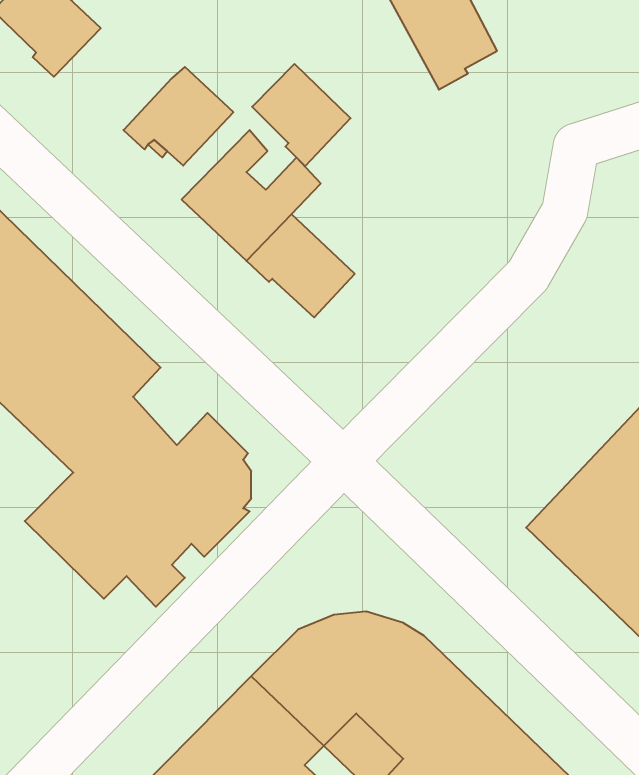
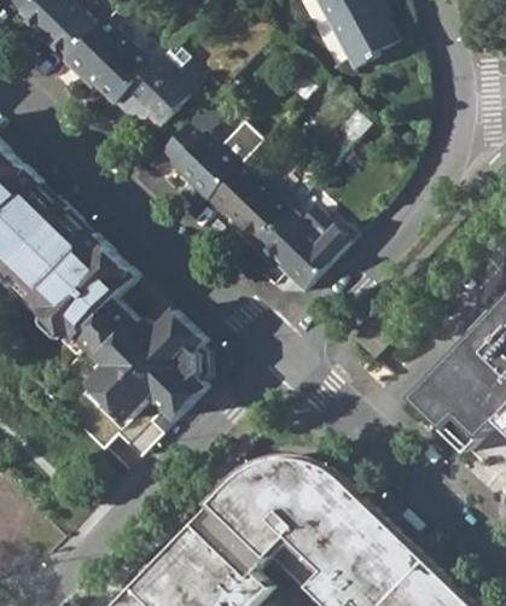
building: none -> [62,16,150,99]
building: [252,64,351,166] -> none
building: none -> [256,206,349,289]

